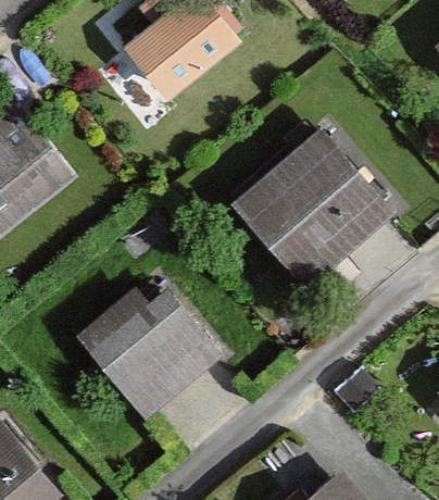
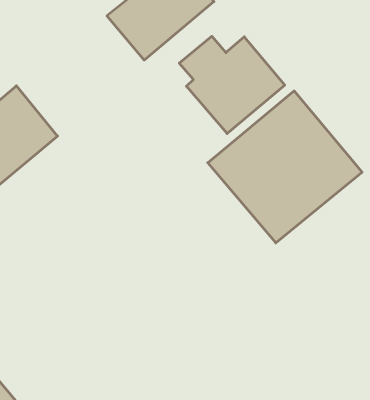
building: none -> [179,36,285,134]
building: [72,288,221,424] -> none

